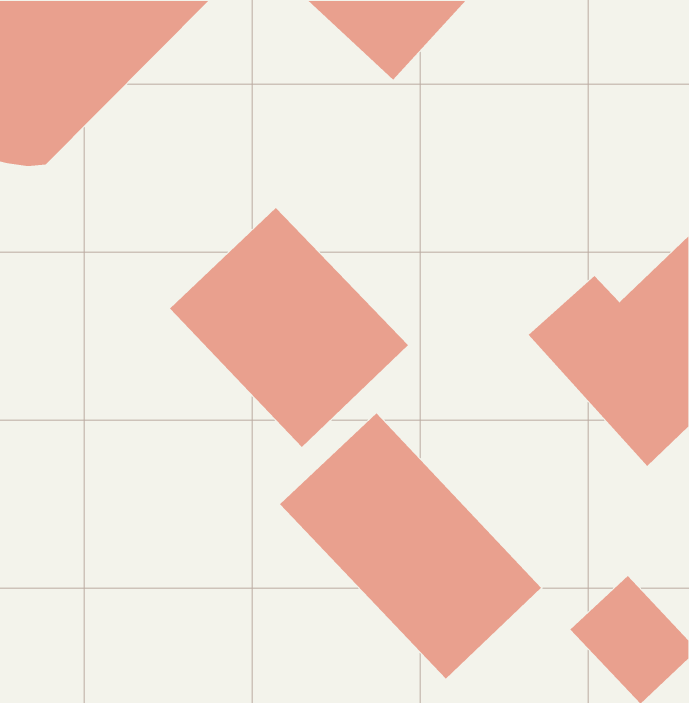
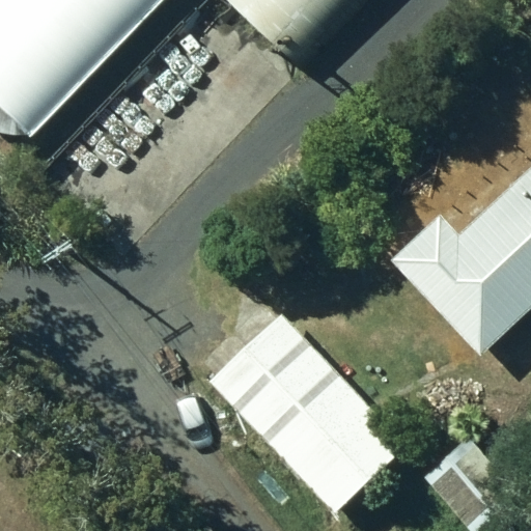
building: [169,207,409,448] -> none

